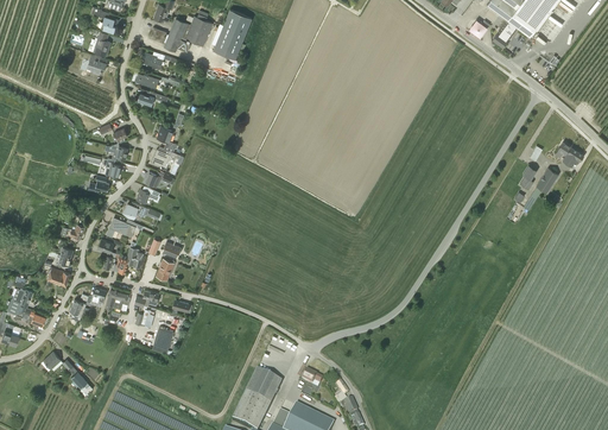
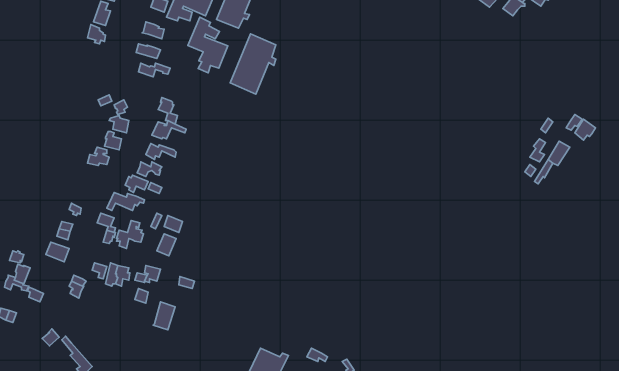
building: none -> [188,17,228,73]
building: none -> [230,34,276,94]

